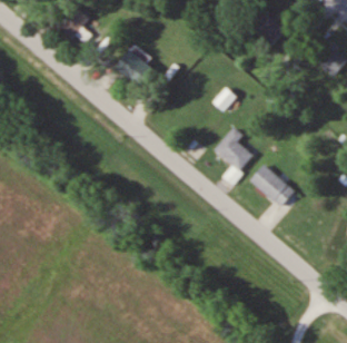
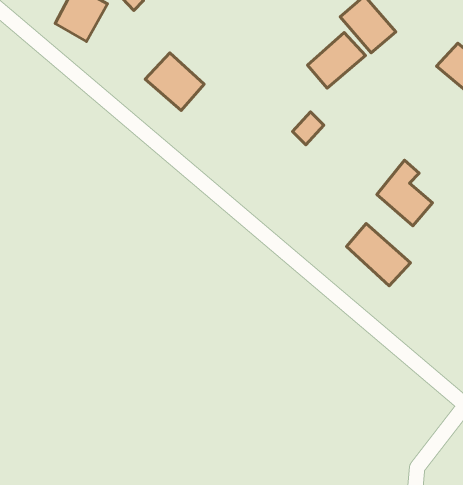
building: none -> [307,33,366,88]
building: [216,126,254,170] -> [377,160,432,226]

